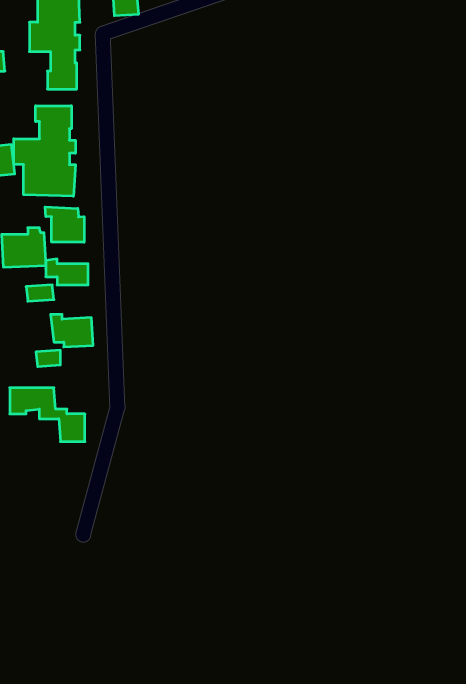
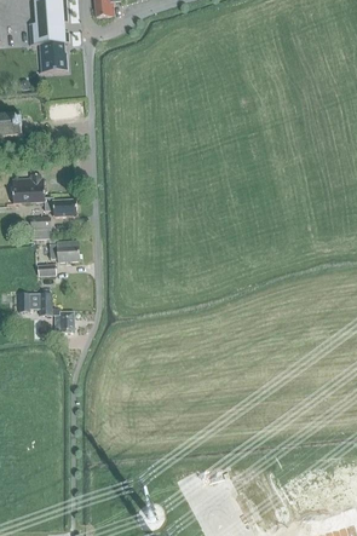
building: [14,106,75,196] -> none
building: [45,207,84,242] -> none

